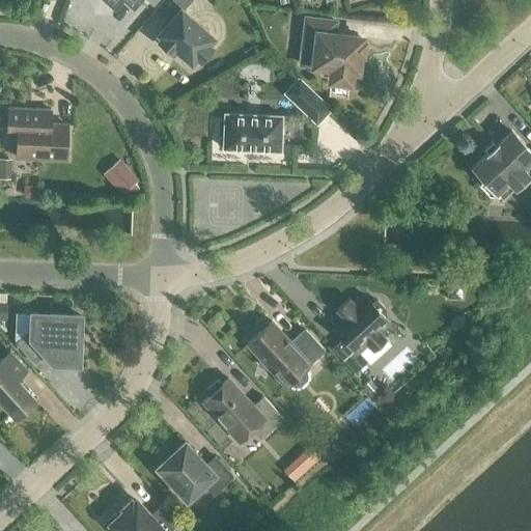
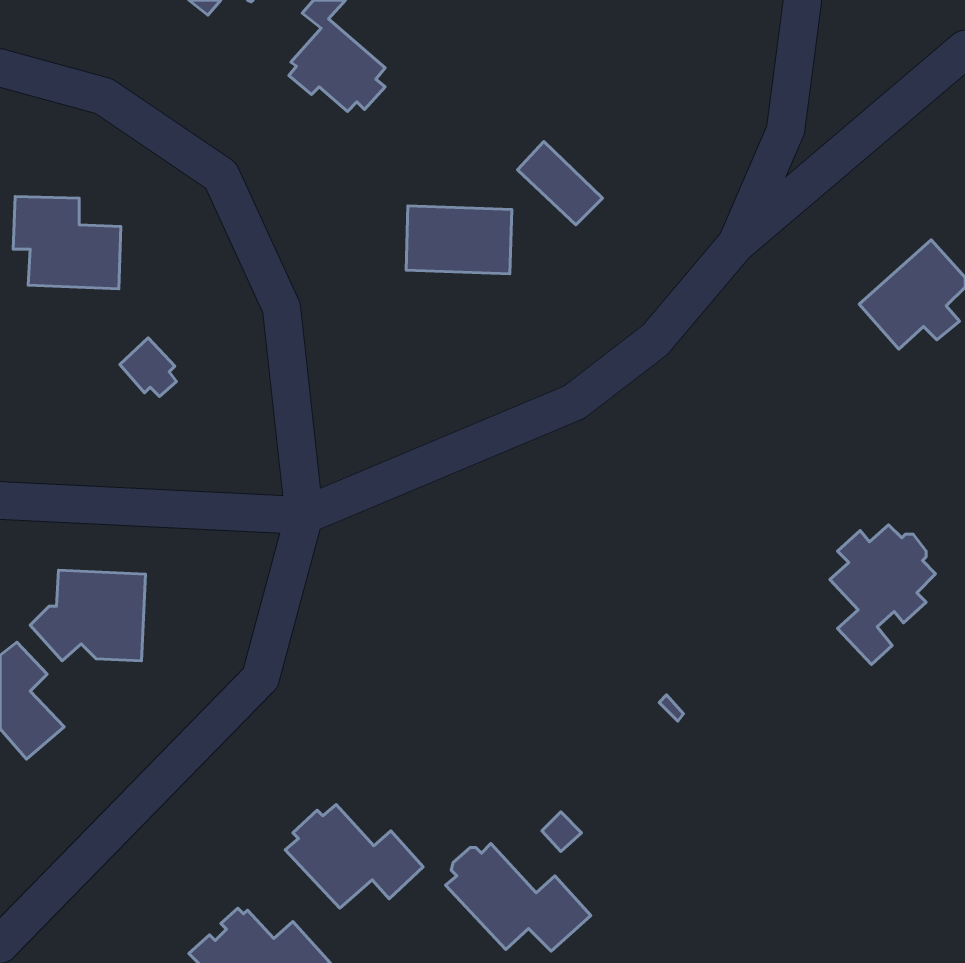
building: [302,19,361,83] -> none
building: [108,165,139,197] -> [120,338,177,396]
building: [332,297,390,373] -> [830,525,936,664]
building: [246,322,323,387] -> none
building: [202,380,282,439] -> [445,844,591,951]

